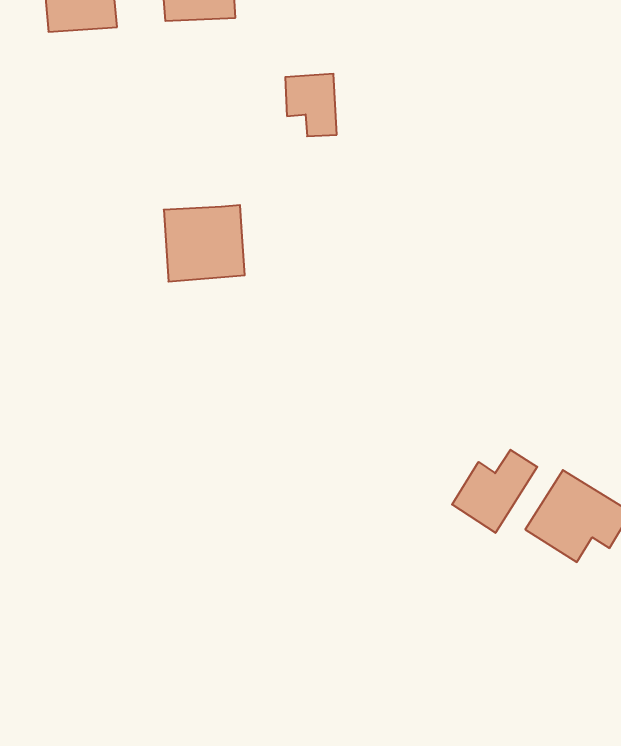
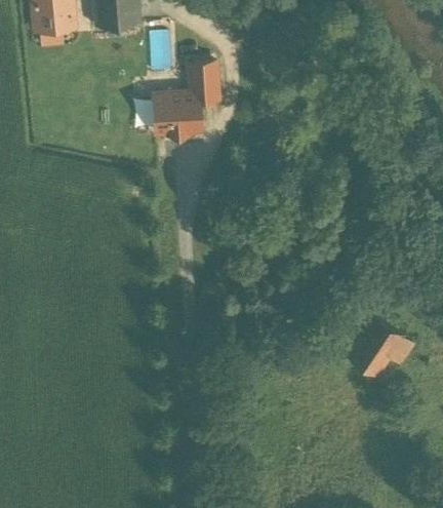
building: [164,205,245,282] -> [152,87,205,138]
building: [452,450,537,533] -> none

